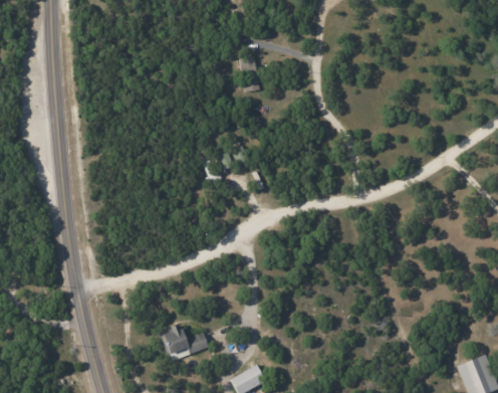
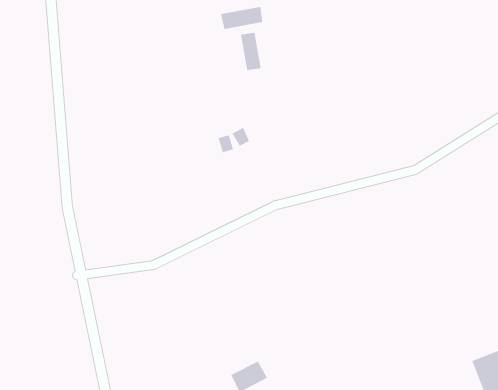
building: none -> [220,6,263,30]
building: [160,324,208,360] -> none

